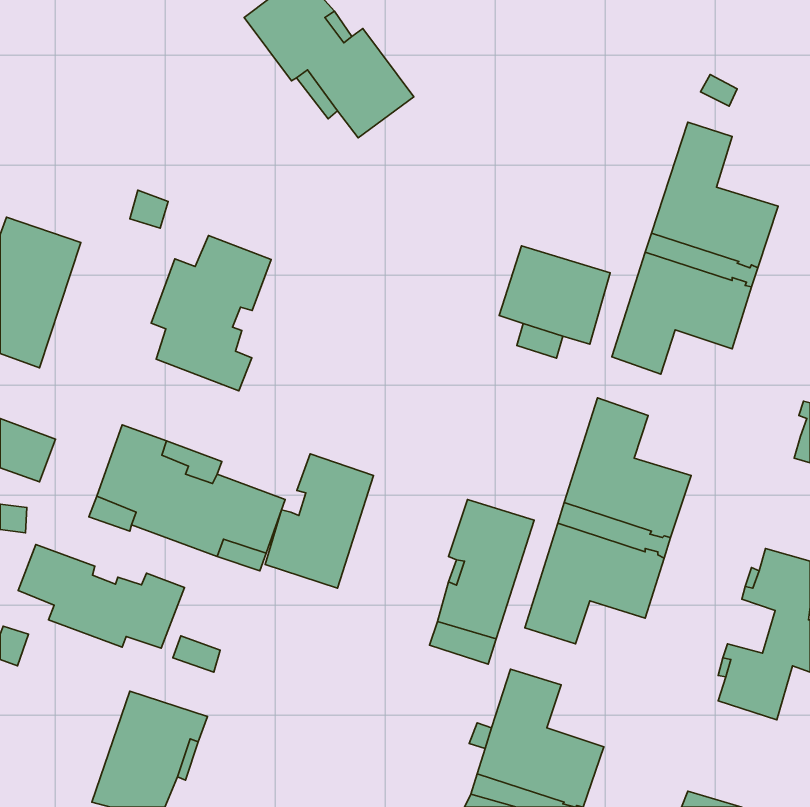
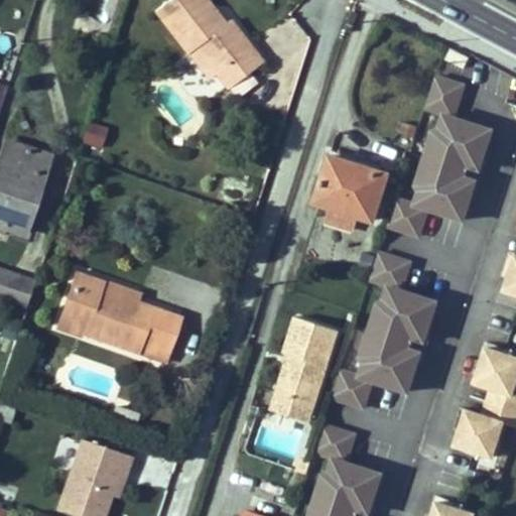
building: [151,235,271,391] -> none
building: [265,454,374,588] -> none
building: [18,545,184,648] -> none

